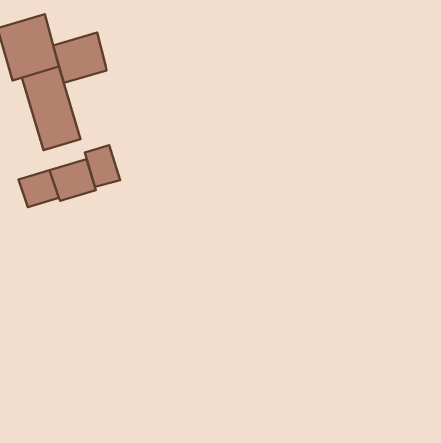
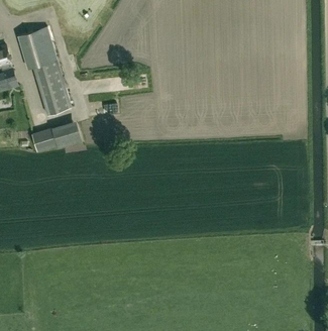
building: [53,32,106,83] -> none
building: [85,145,120,186] -> none

